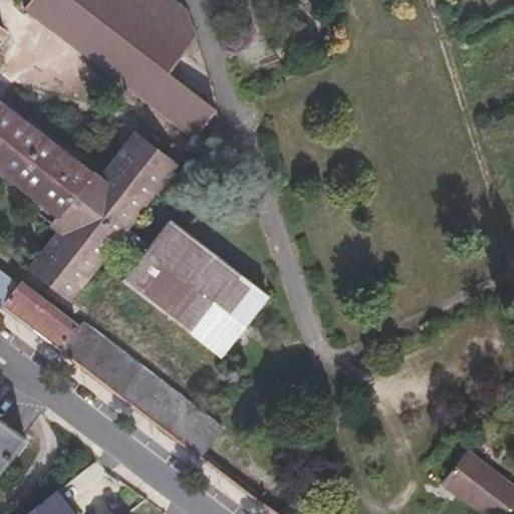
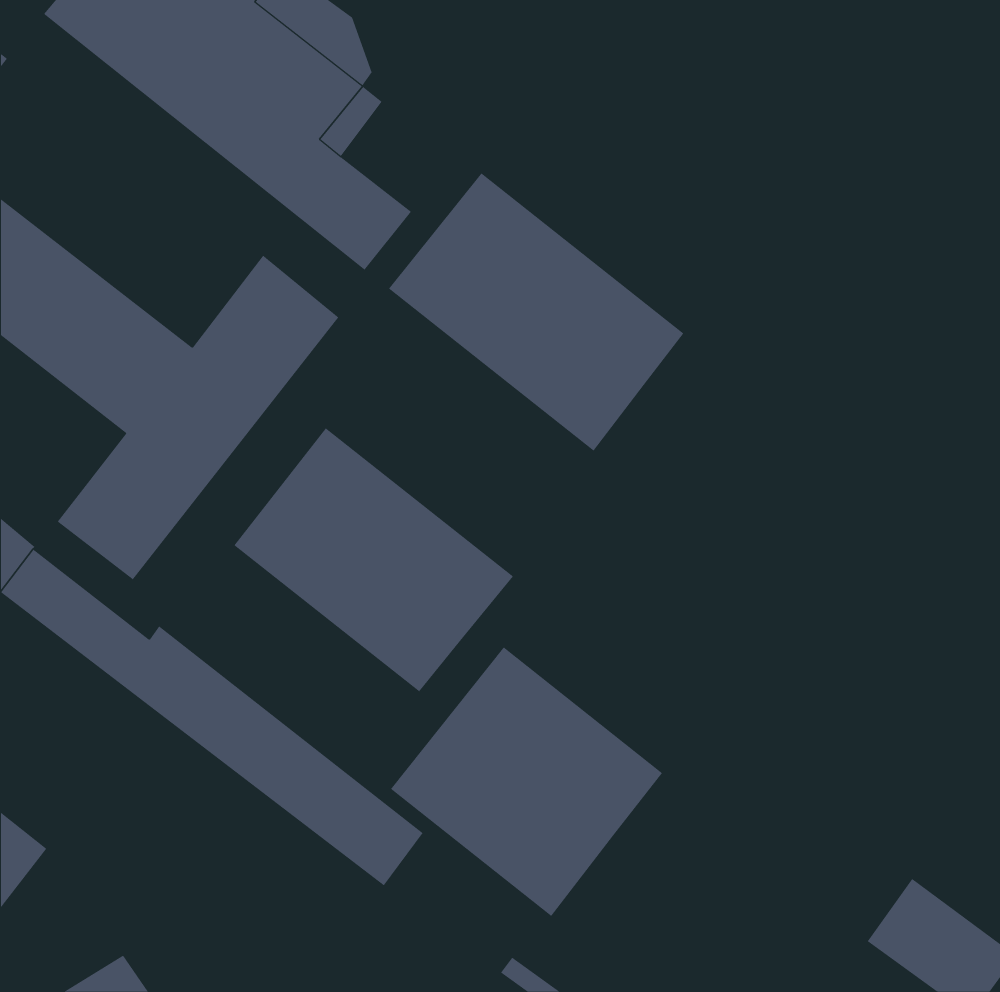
building: none -> [388,172,684,451]
building: none -> [390,647,663,917]

